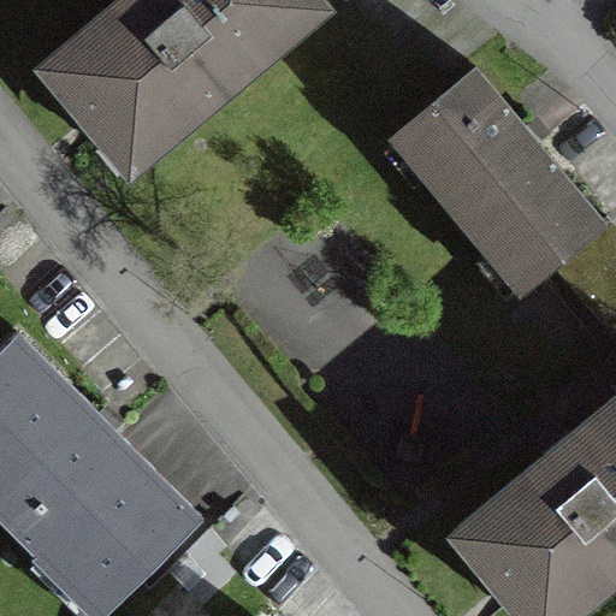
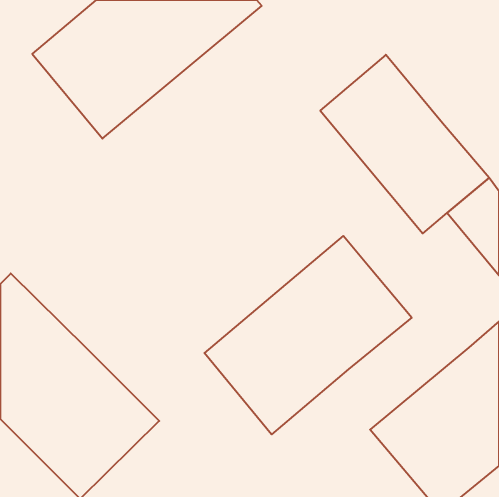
building: none -> [204,236,412,434]

